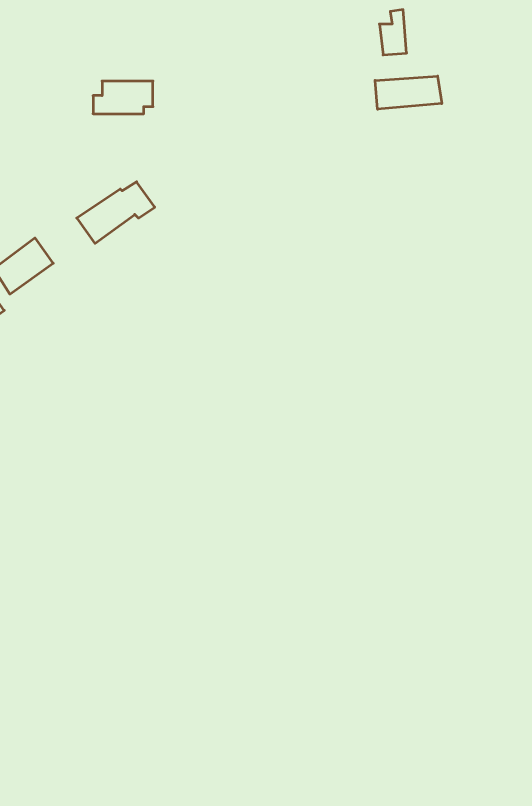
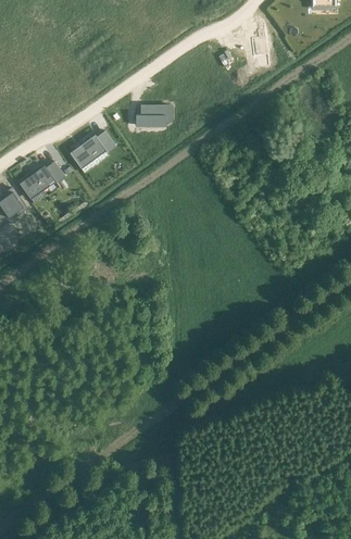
building: [375,76,442,109] -> none
building: [93,81,153,114] -> [135,106,171,126]

